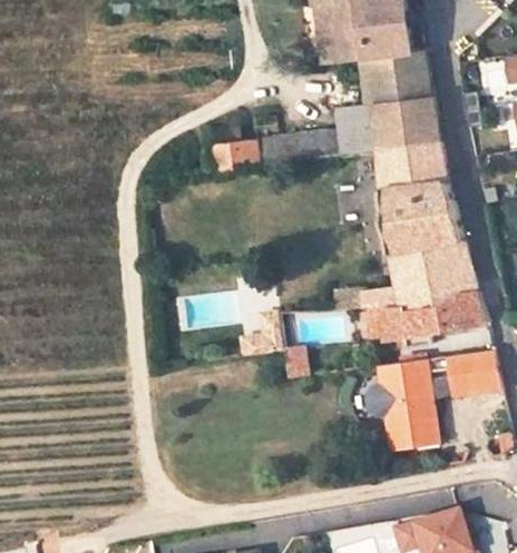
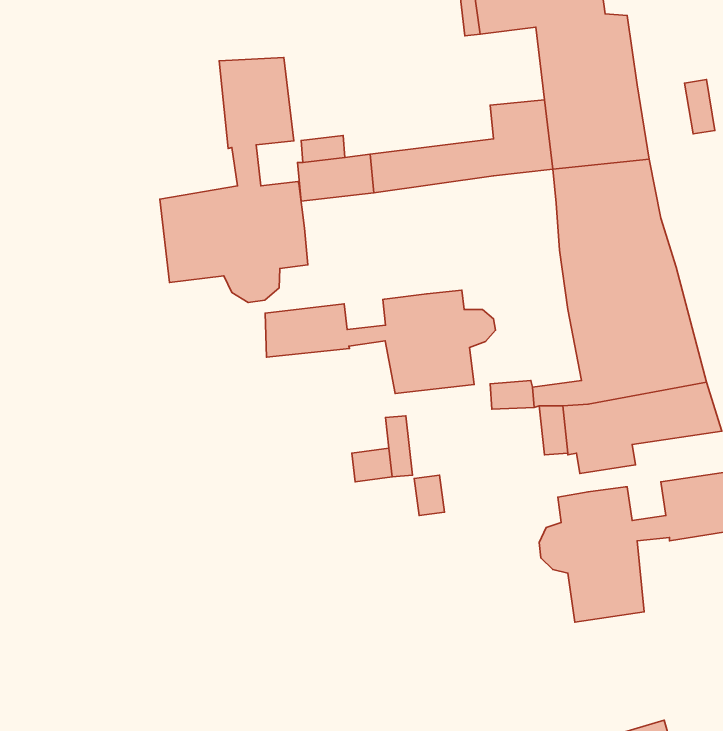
building: none -> [160,57,308,303]
building: none -> [265,290,496,394]

